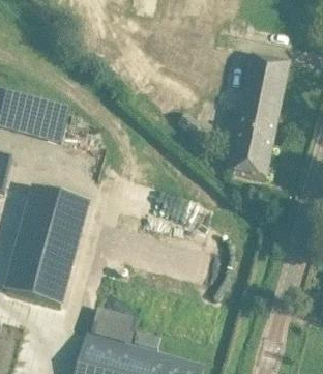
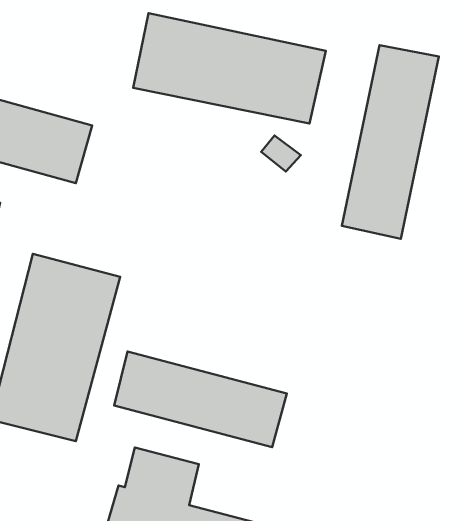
building: none -> [133,13,326,124]
building: none -> [114,351,287,447]

